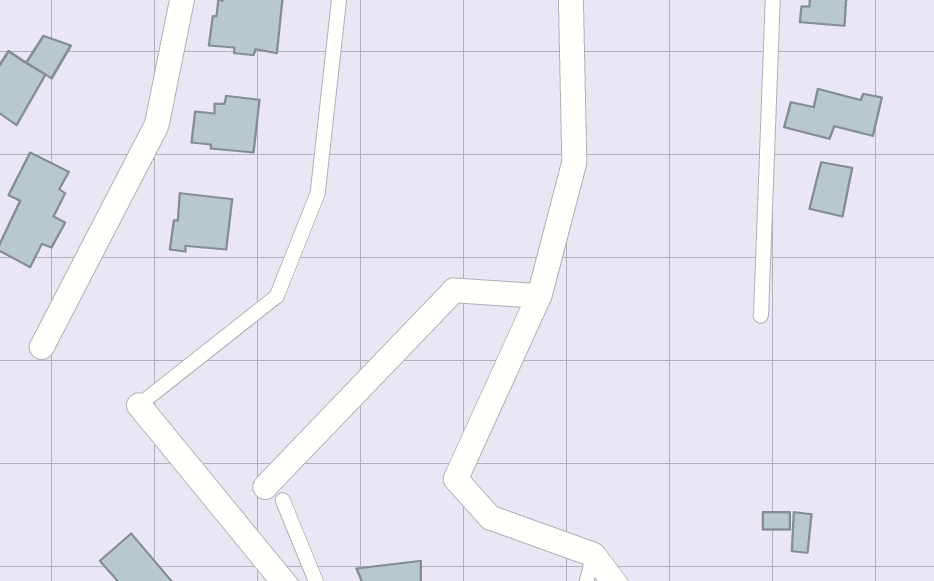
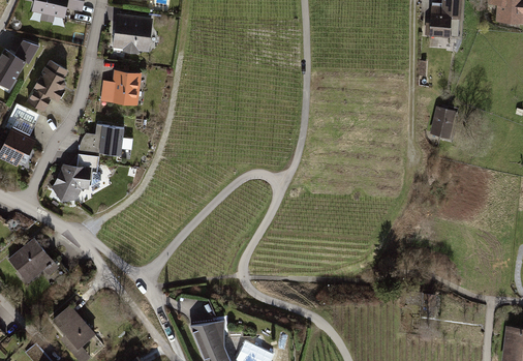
building: none -> [28,61,67,111]
building: [784,89,882,139] -> none
building: none -> [54,154,100,199]
building: none -> [9,239,68,287]

